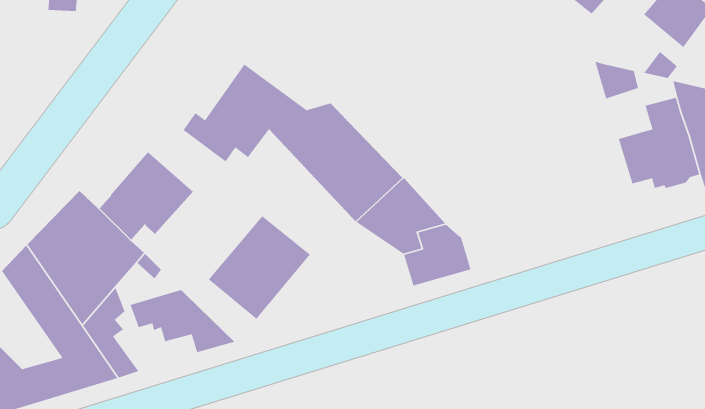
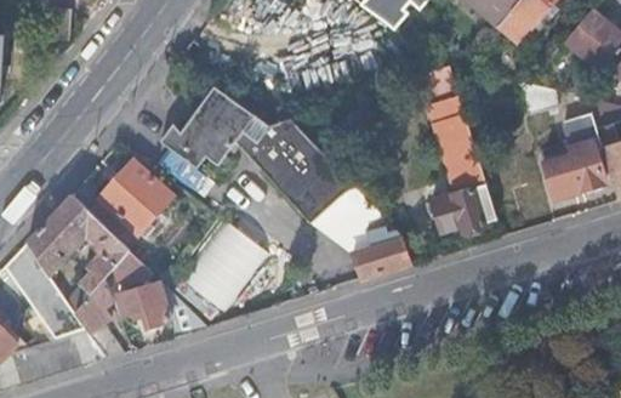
building: none -> [423,96,495,232]

